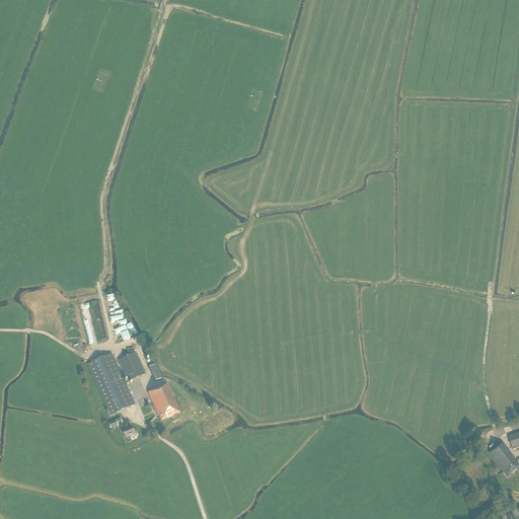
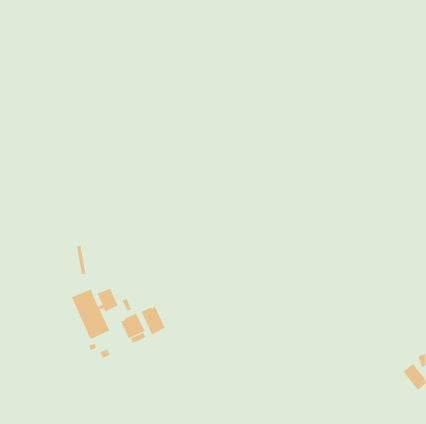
building: none -> [141,306,166,335]

